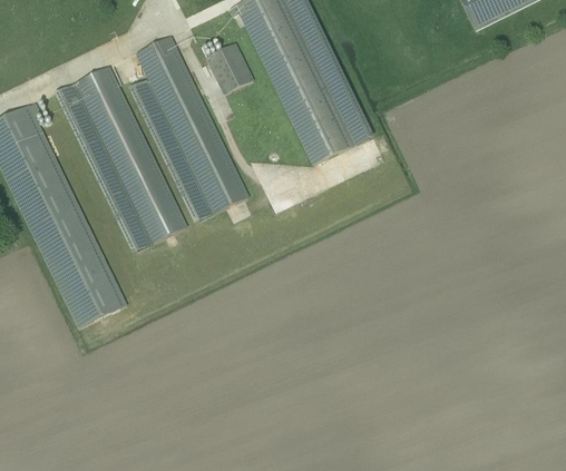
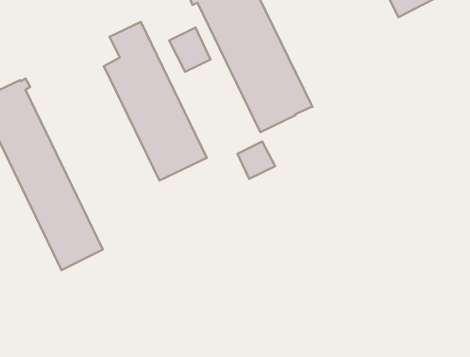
building: [52,65,187,252] -> none
building: none -> [237,141,275,179]

